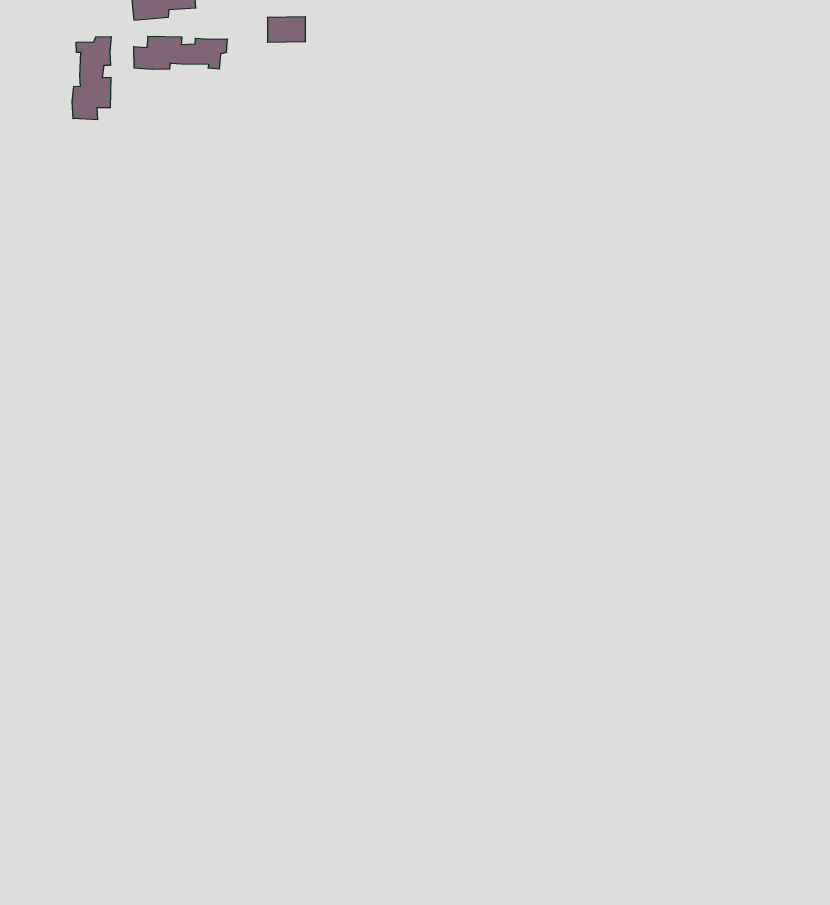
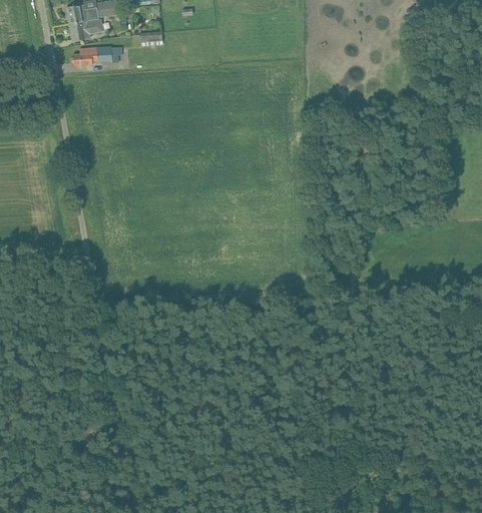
building: [72,37,111,120] -> none

